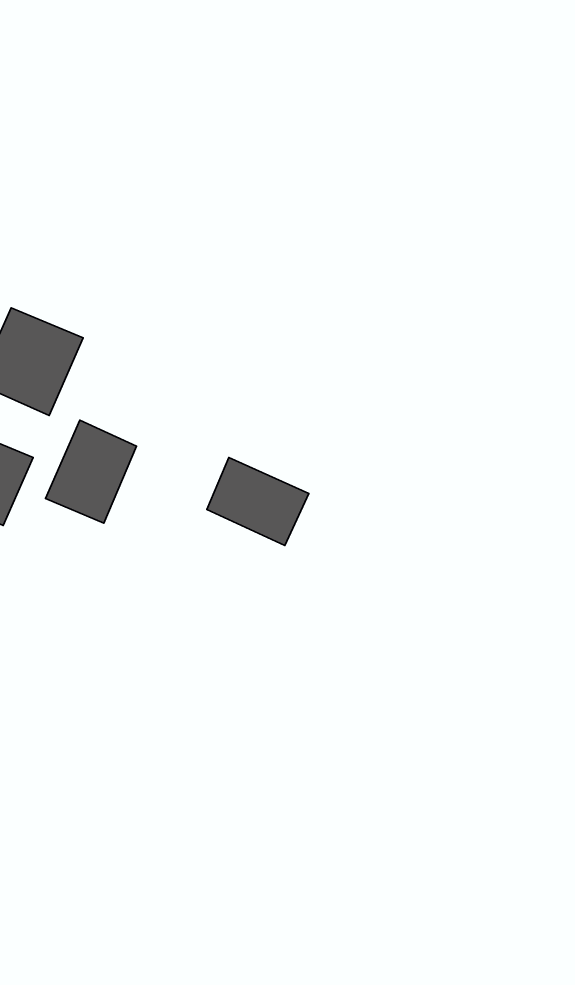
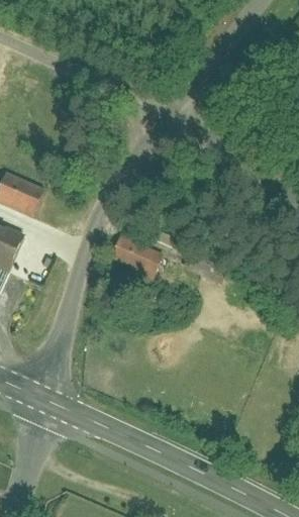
building: [46,420,137,523] -> none

